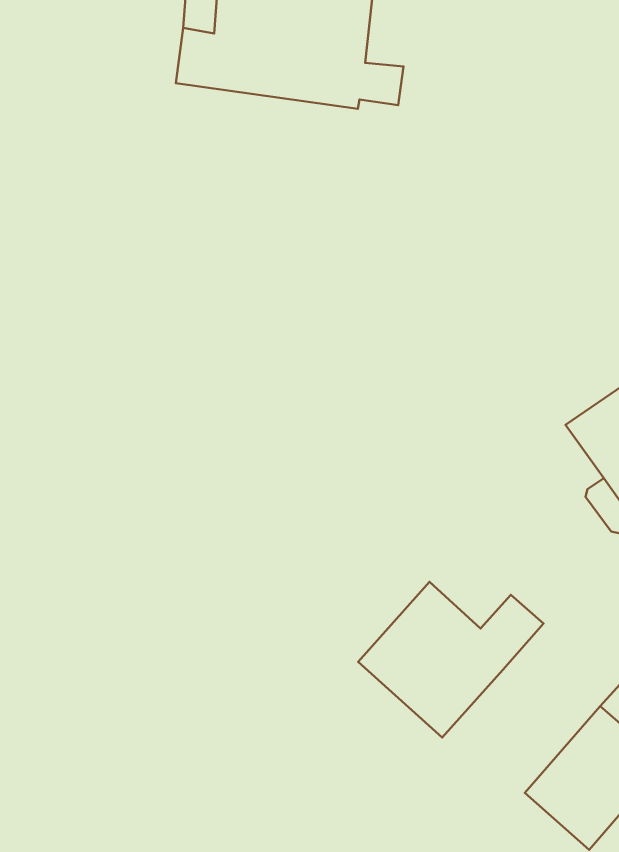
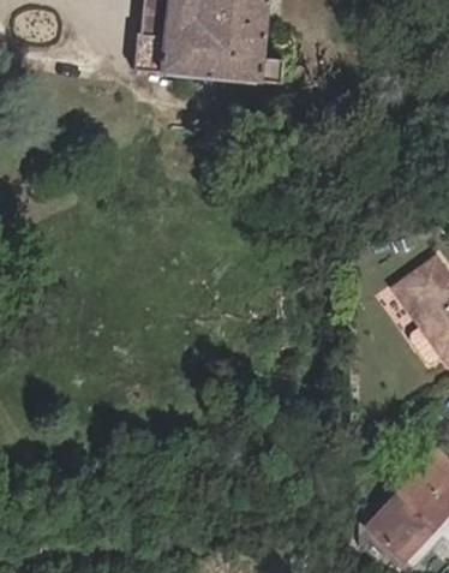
building: [358,582,544,738] -> none

